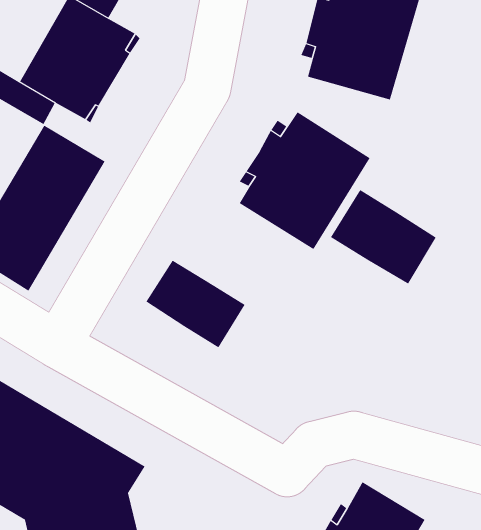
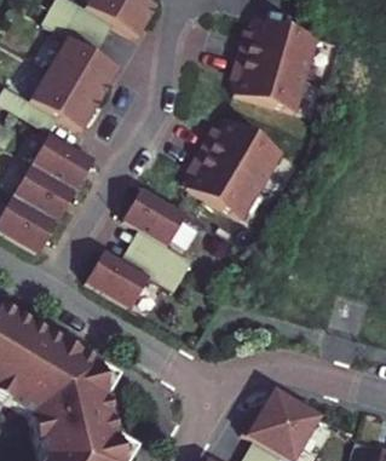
building: [330,189,437,284] -> none
building: none -> [121,186,185,244]
building: none -> [83,248,146,305]

